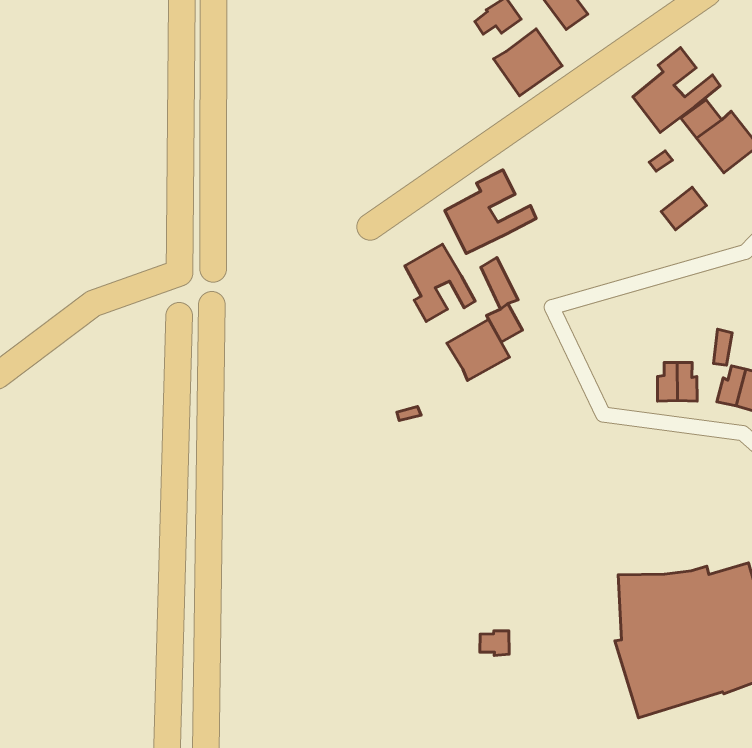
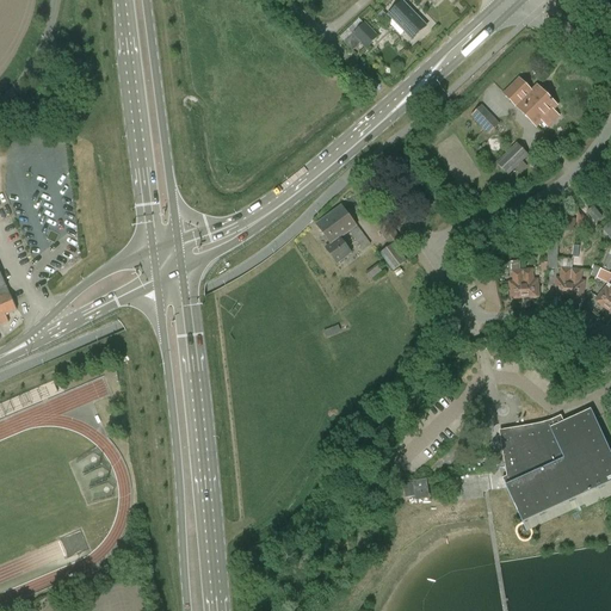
building: [494,29,562,96] -> none
building: [633,47,720,133] -> none
building: [445,170,536,254] -> none
building: [447,320,510,381] -> none

